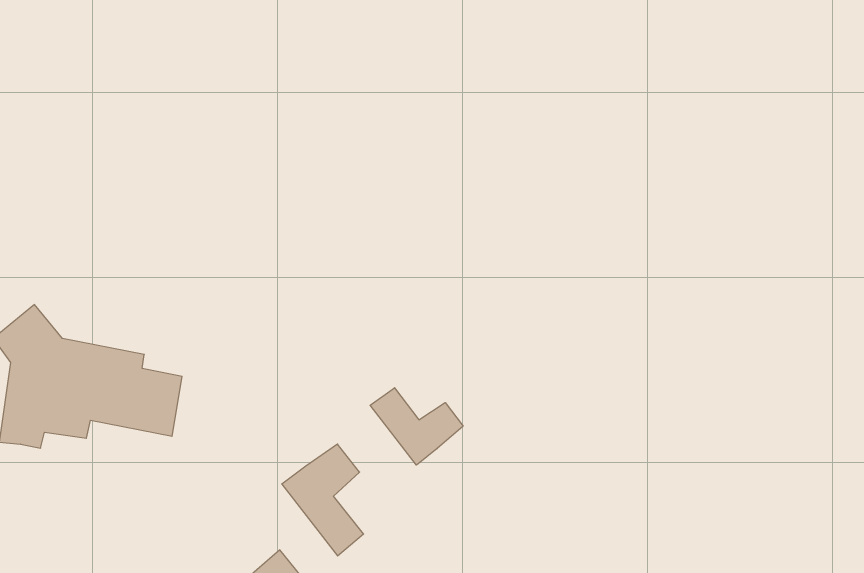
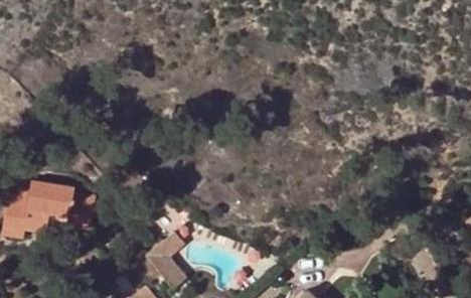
building: [370,388,463,465] -> none

